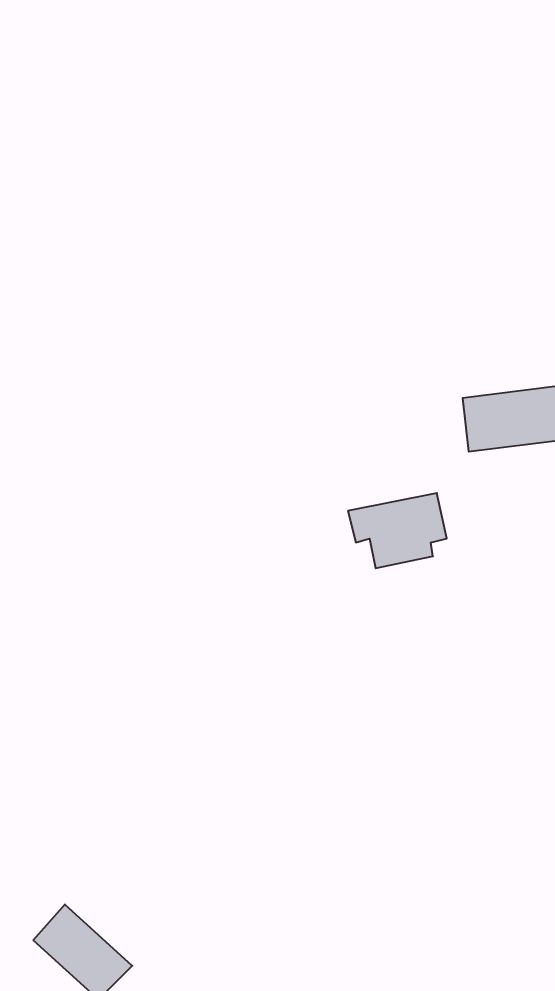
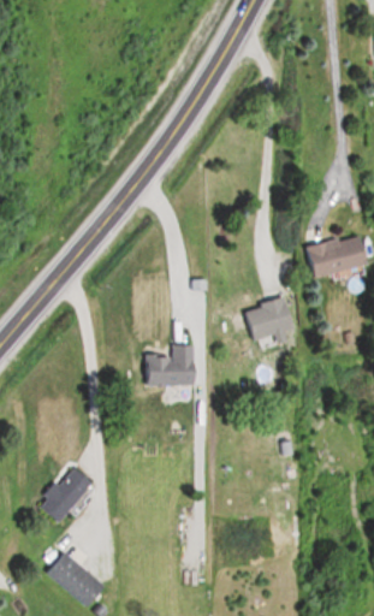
building: none -> [143,344,195,385]
building: none -> [38,468,91,523]

